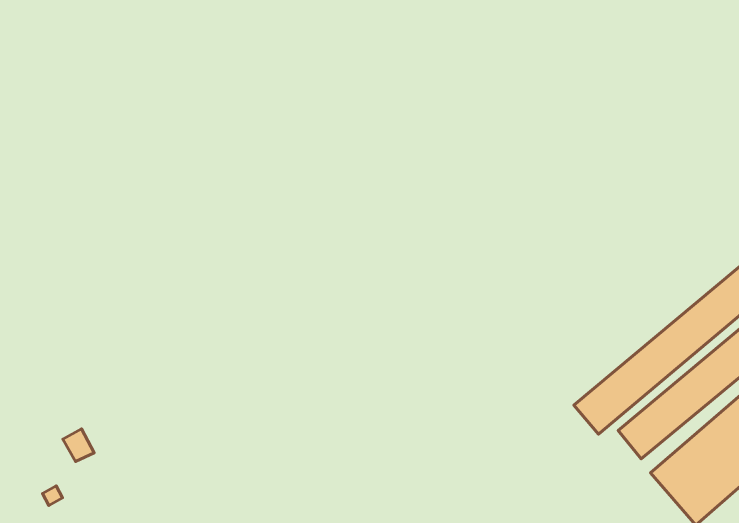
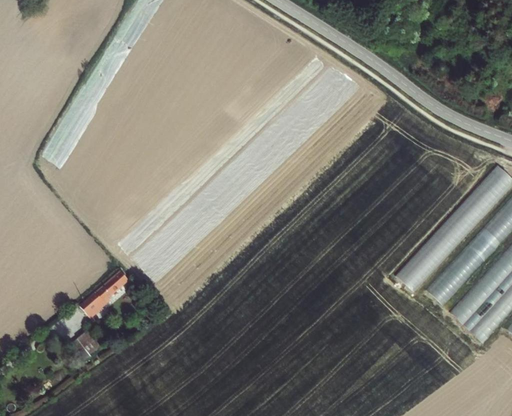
building: none -> [78,269,132,321]

